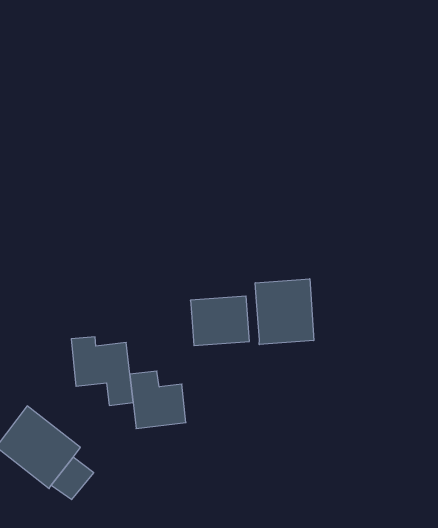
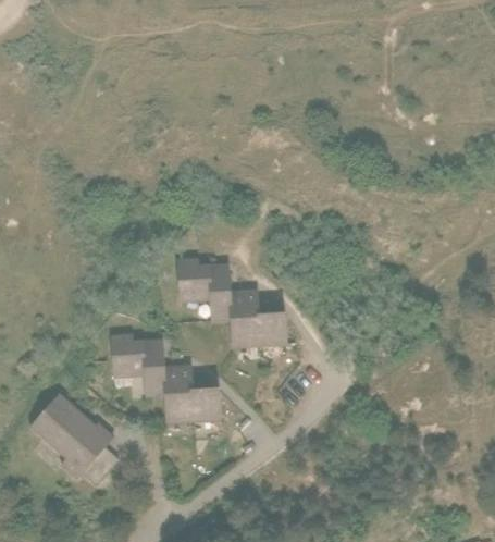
building: none -> [175,257,227,315]
building: [255,279,314,345] -> none

